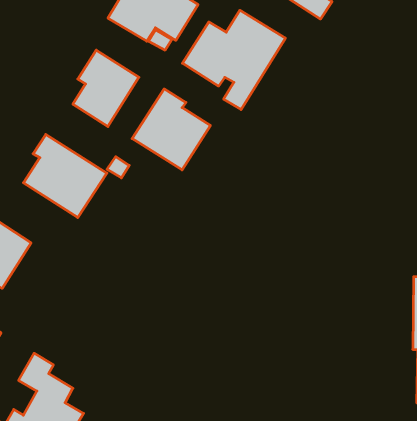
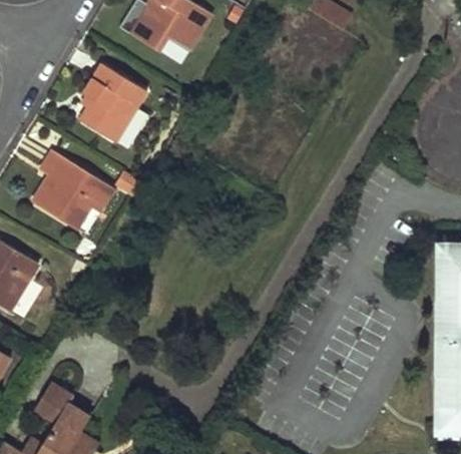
building: [182,10,285,110] -> none
building: [132,89,210,170] -> none

